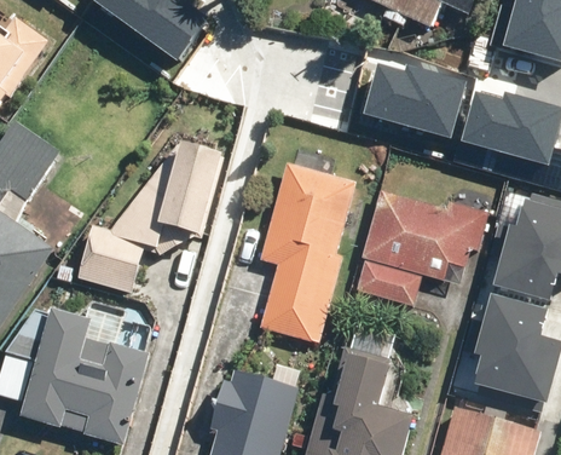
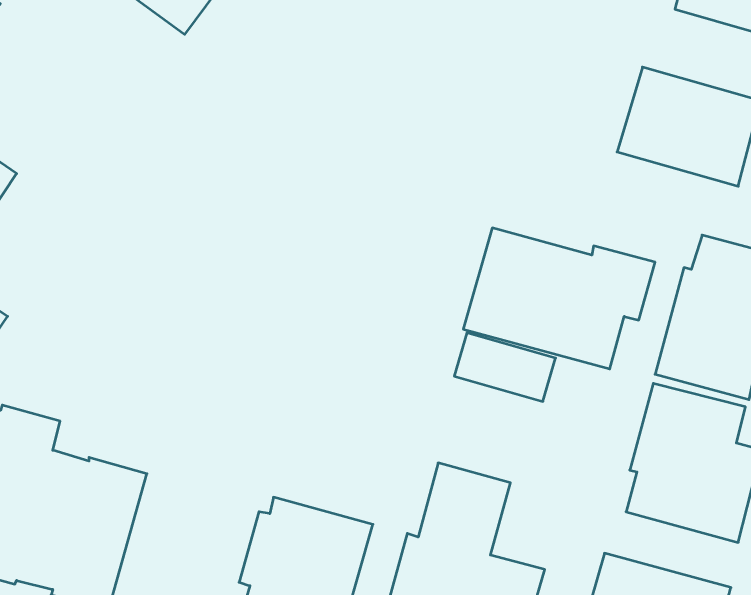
building: [364,53,464,133] -> none
building: [79,142,225,290] -> none
building: [259,161,357,342] -> none

